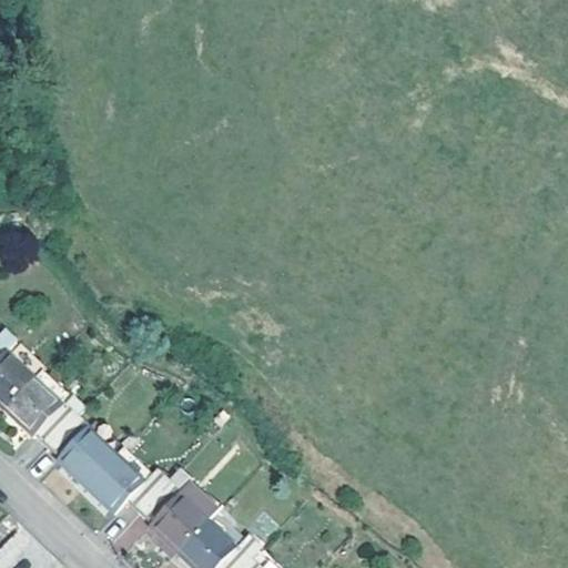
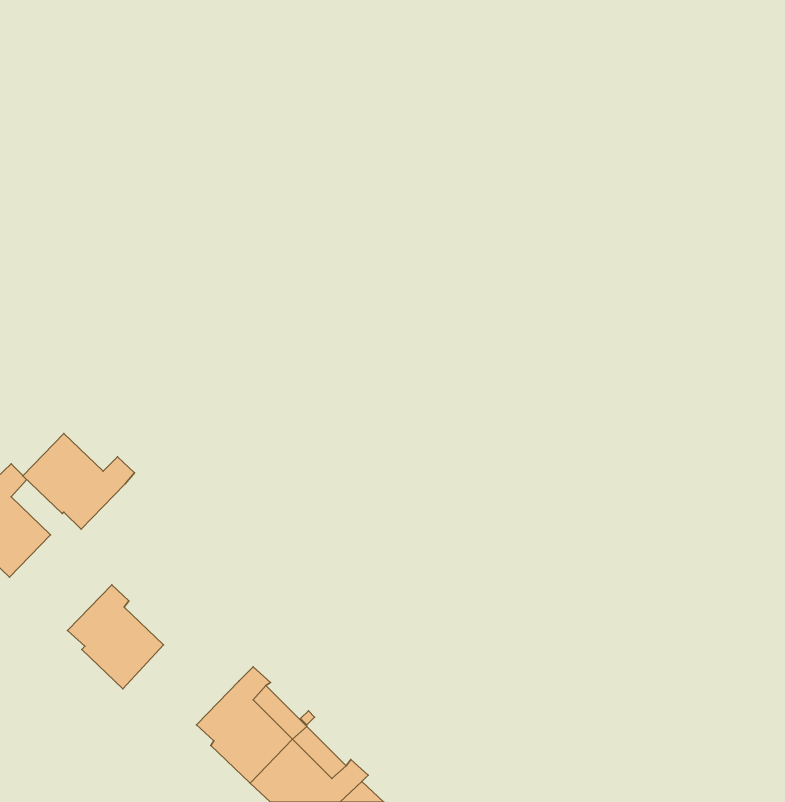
building: [7,377,85,445] -> [23,433,135,529]
building: [87,455,169,511] -> none

